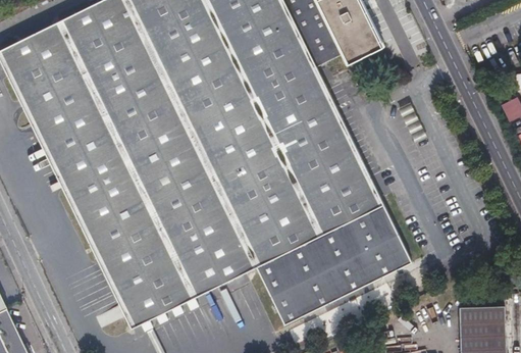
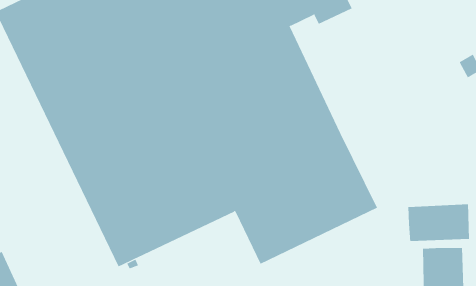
building: none -> [408,203,469,242]

